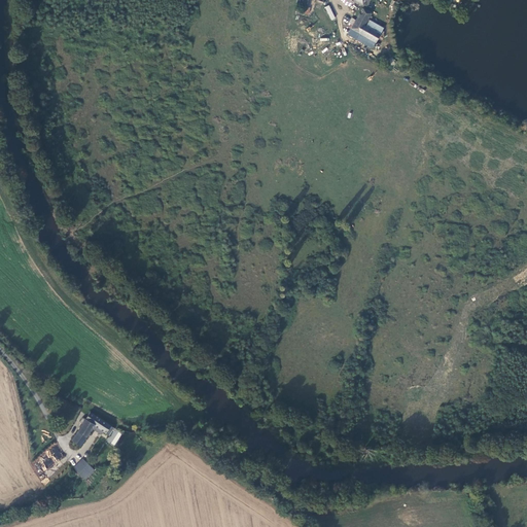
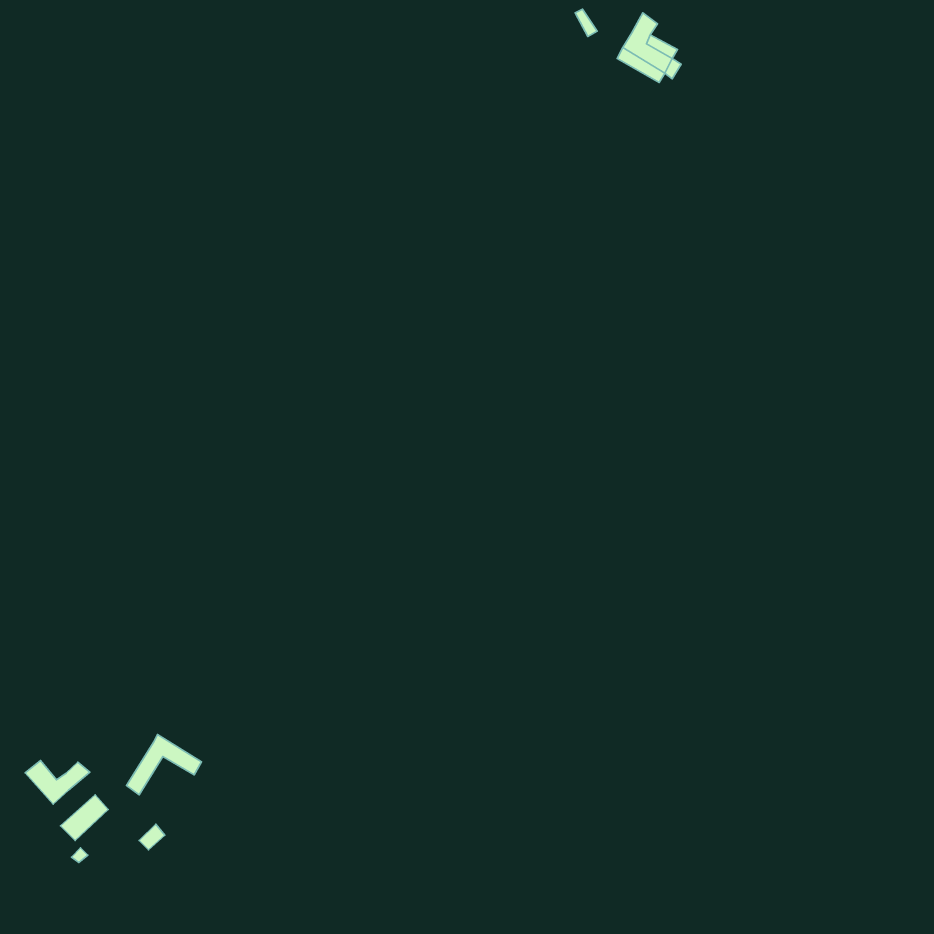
building: none -> [25,761,90,804]

